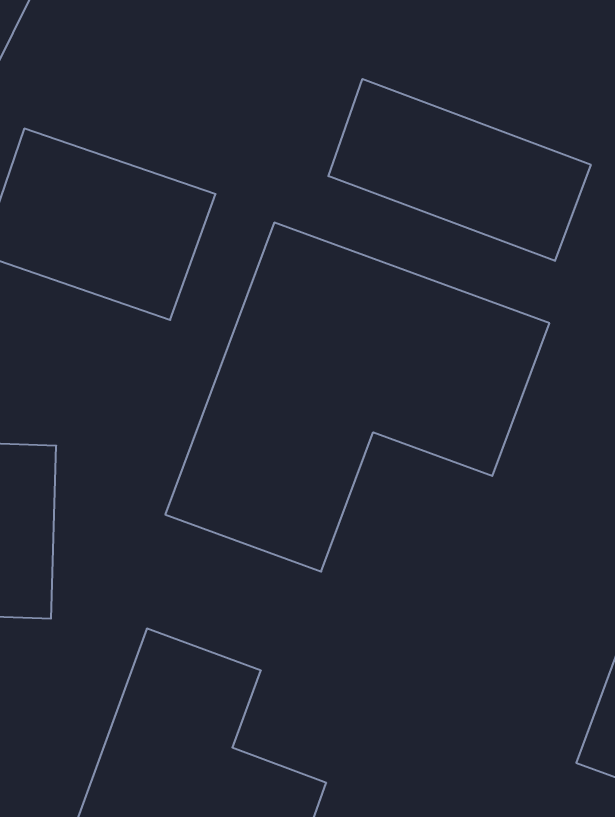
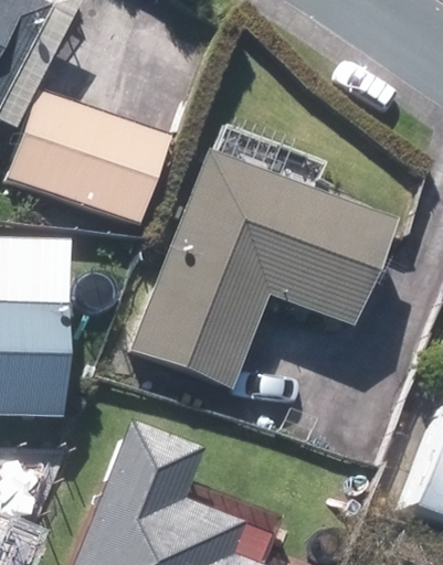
building: [328,79,591,261] -> none

